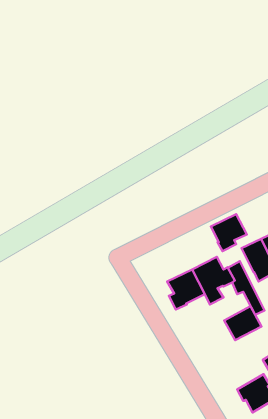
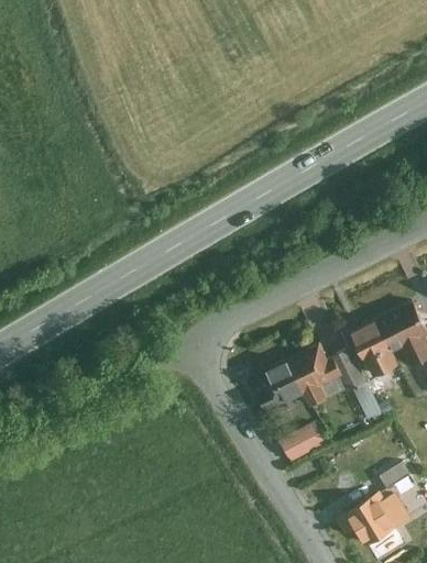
building: [211,214,247,251] -> none
building: [224,306,262,340] -> [273,418,321,462]

